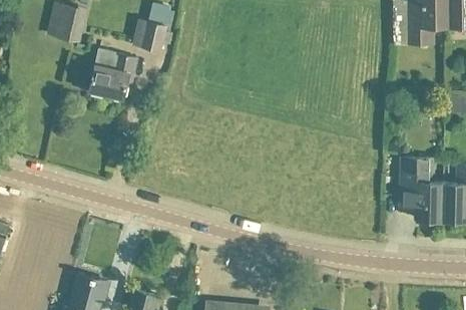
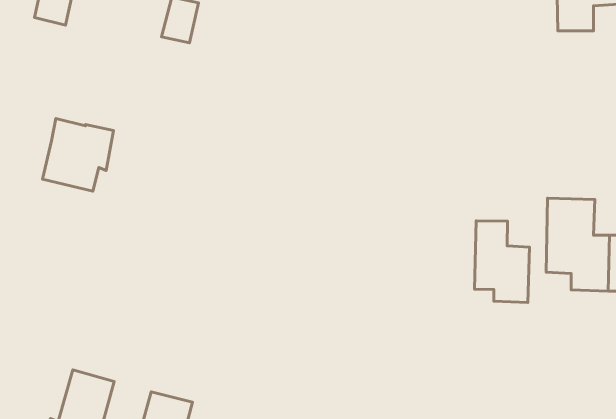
building: [89,49,137,98] -> [43,119,114,191]
building: none -> [474,221,529,303]

